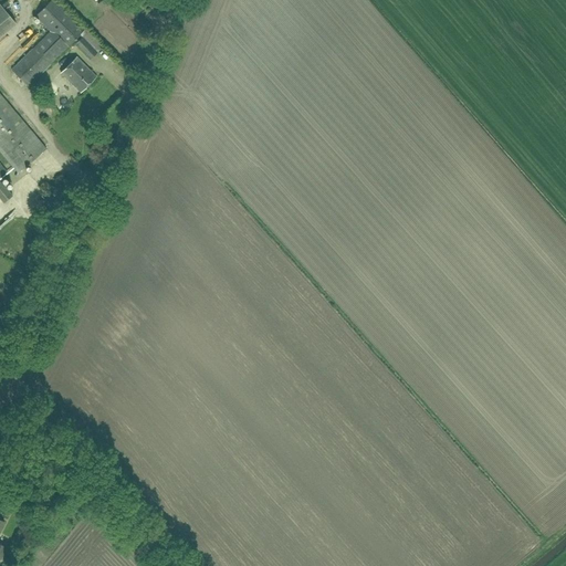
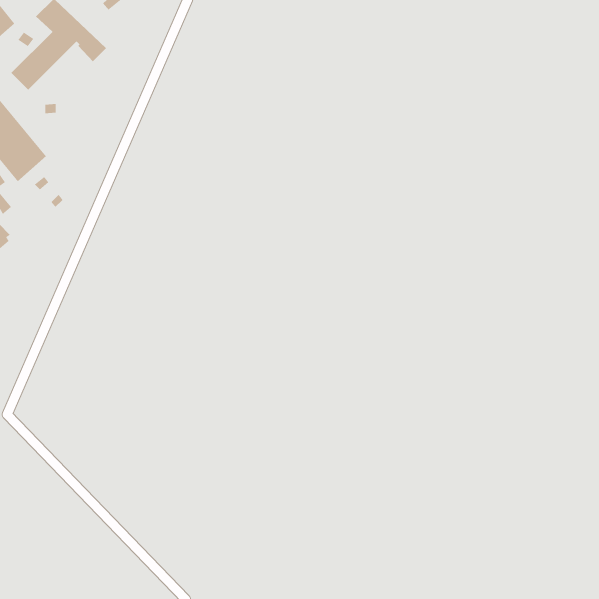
building: [59,55,94,92] -> none

